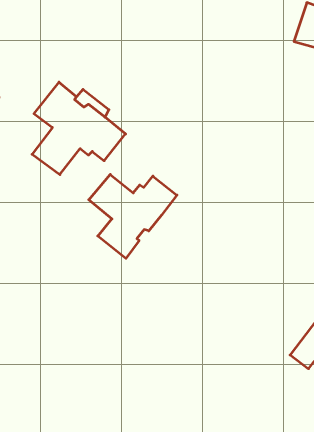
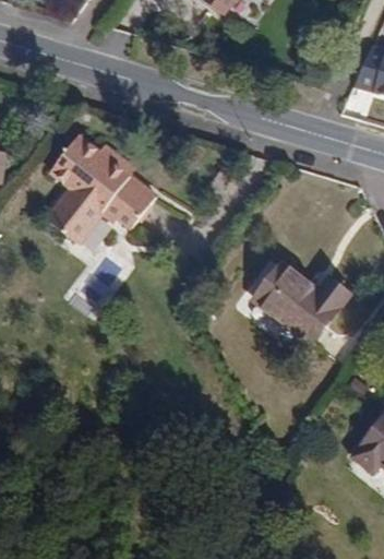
building: [89,174,177,258] -> none
building: none -> [253,262,351,345]

